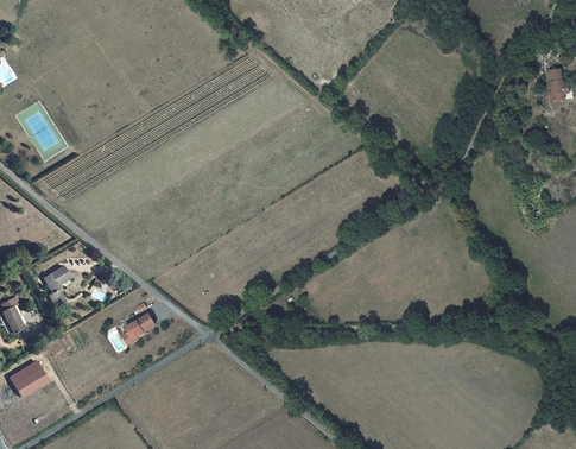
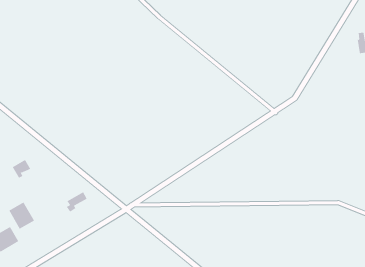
building: none -> [8,201,35,230]

